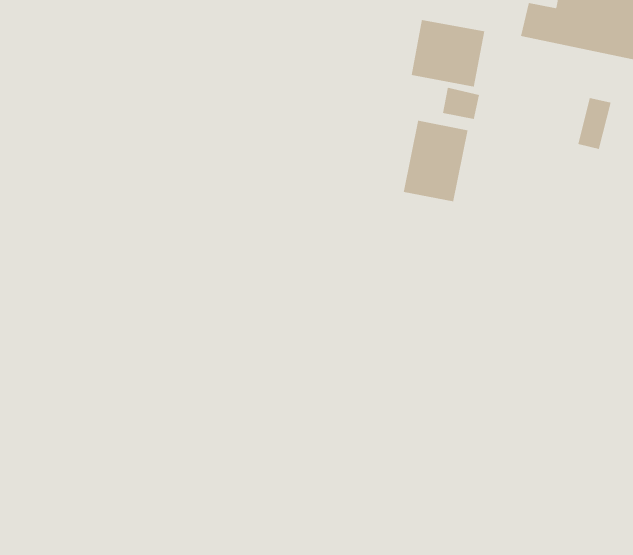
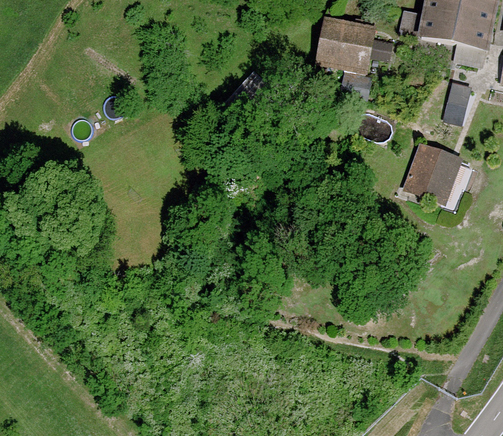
building: [403,120,468,202] -> none
building: none -> [406,141,459,197]

